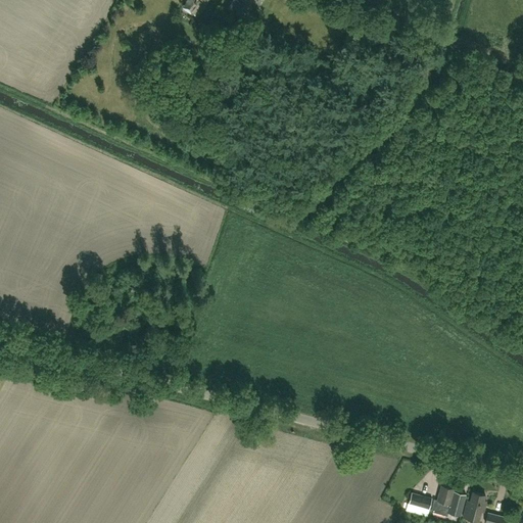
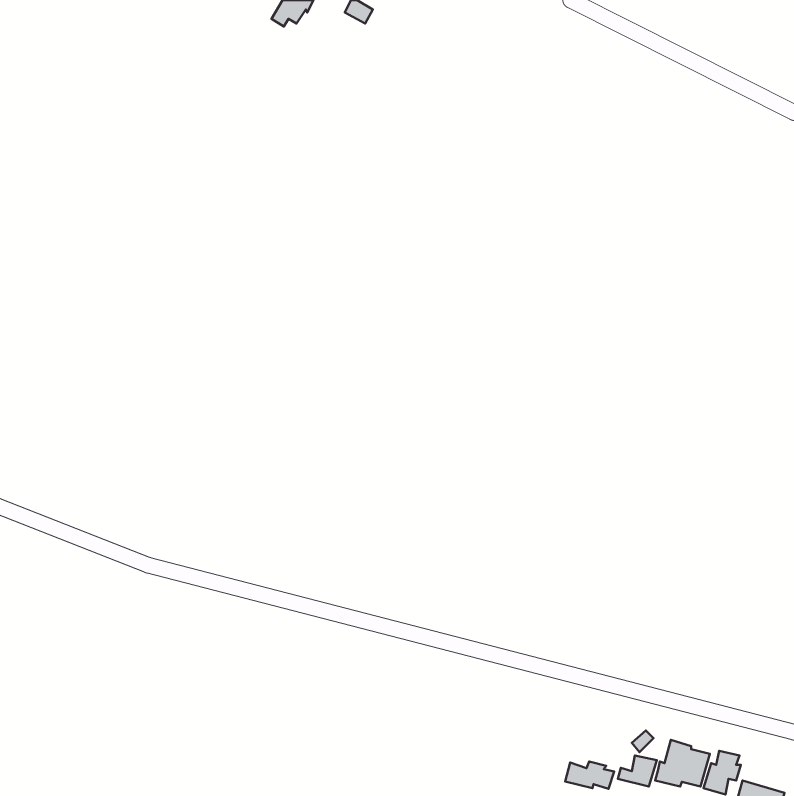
building: none -> [565,762,614,789]

